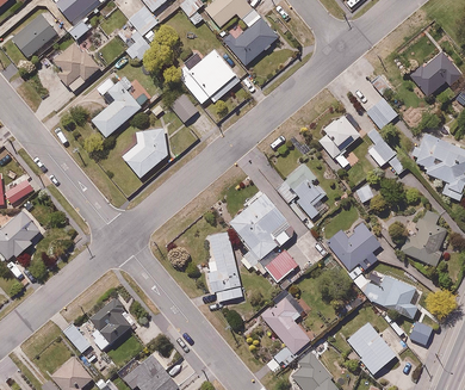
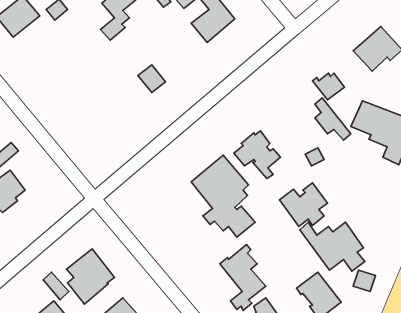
building: [52,41,100,89] -> none
building: [178,47,242,105] -> none
building: [91,75,141,136] -> none
building: [318,113,361,168] -> none
building: [126,128,167,178] -> none
building: [399,217,448,265] -> none
building: [209,229,249,304] -> none

